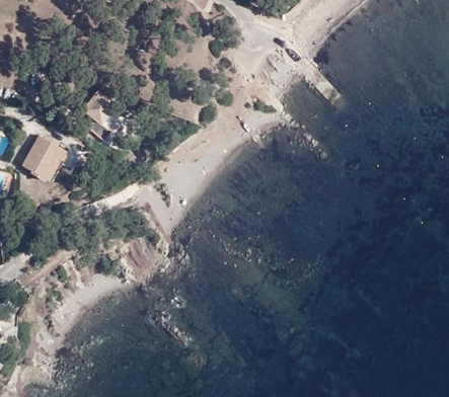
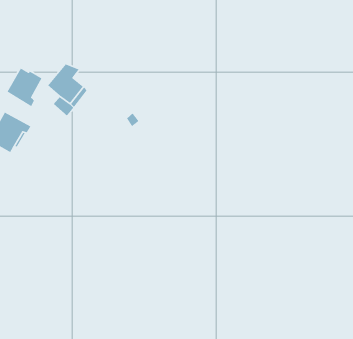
building: none -> [6,67,43,107]

